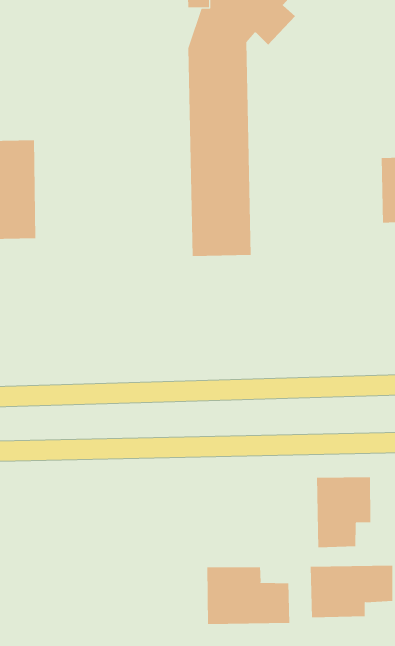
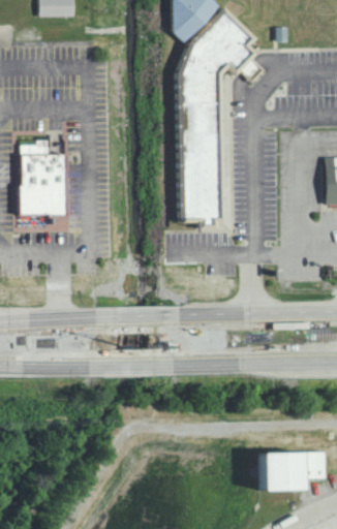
building: [317,477,371,548] -> none
building: [207,567,290,625] -> none

